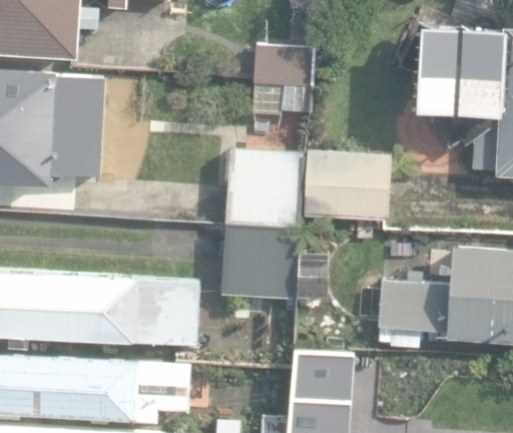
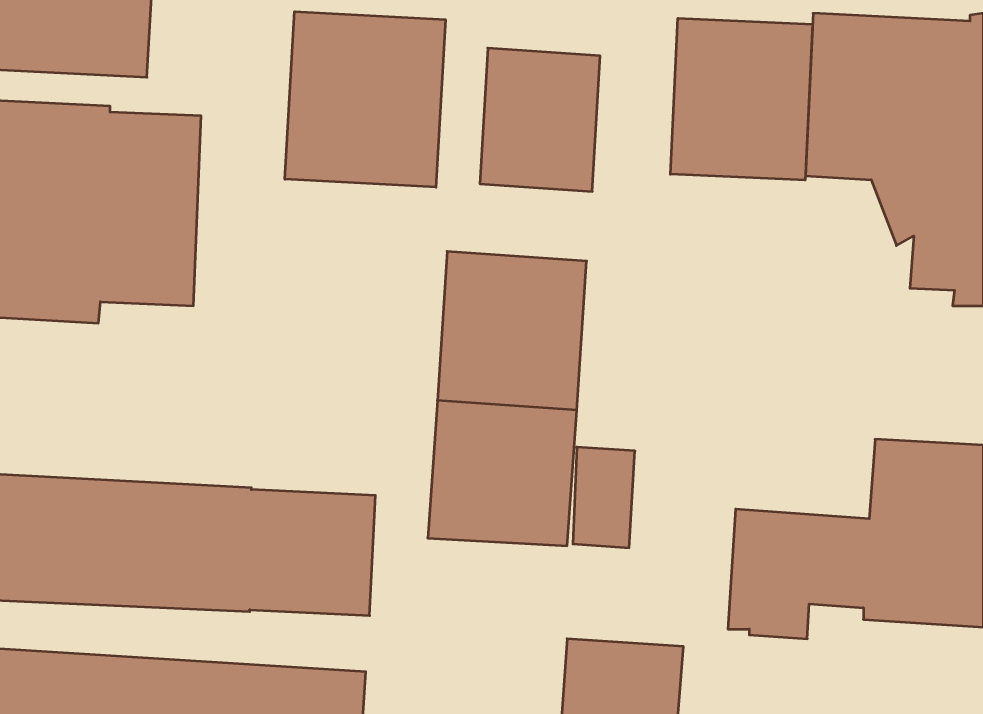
building: none -> [285,12,445,187]
building: none -> [670,18,813,180]
building: [306,151,391,222] -> none

